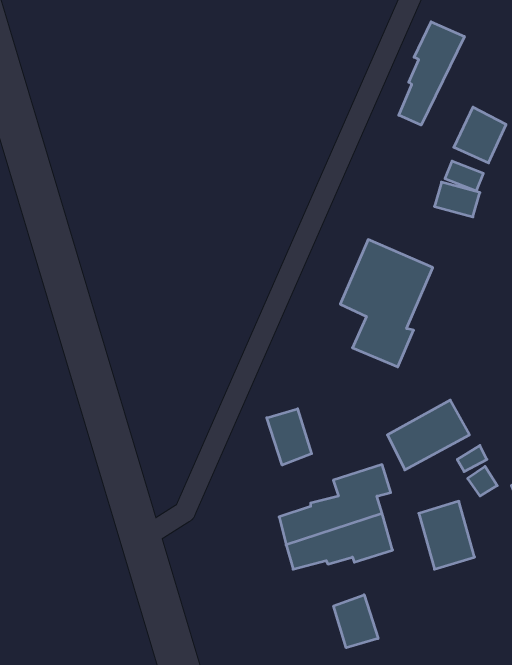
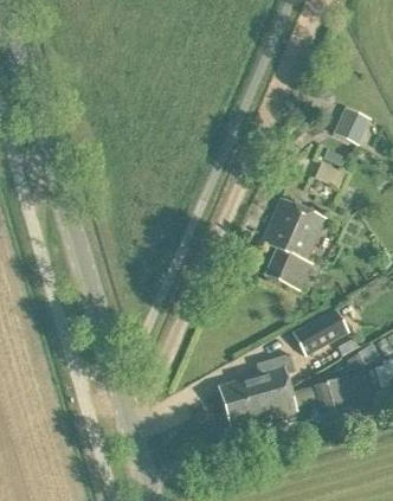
building: [399,22,464,125] -> none
building: [267,409,312,465] -> none
building: [334,595,378,648] -> none

